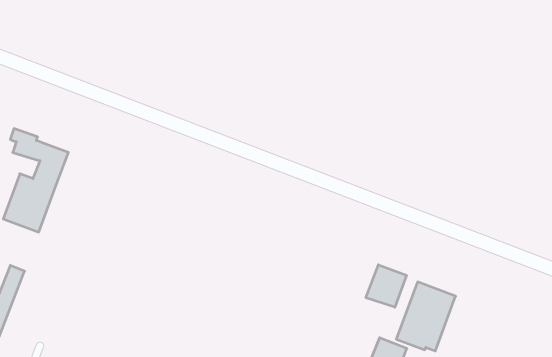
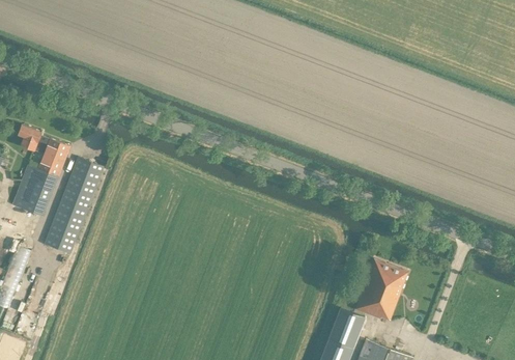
building: none -> [41,157,102,253]
building: [366,265,406,307] -> none

